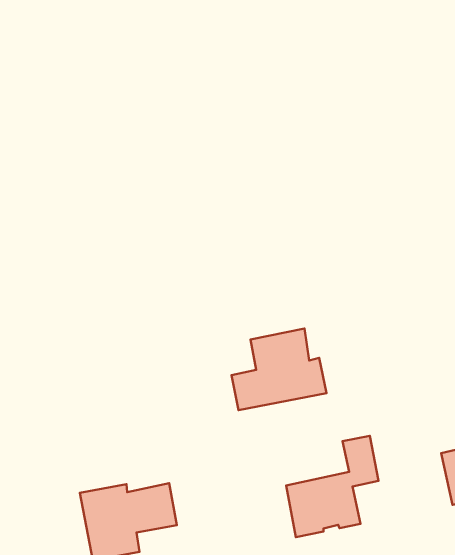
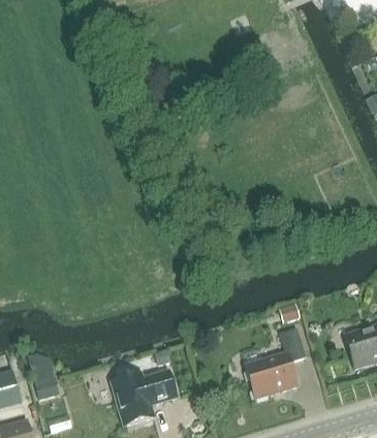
building: [232,328,326,410] -> none

